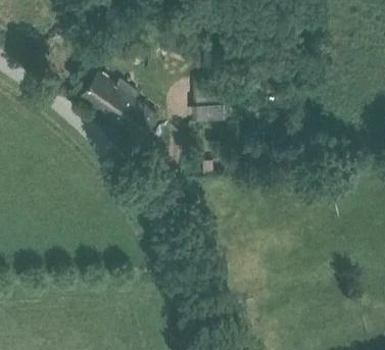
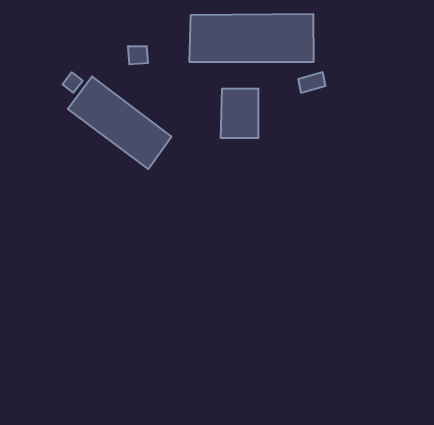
building: none -> [190,14,313,62]

